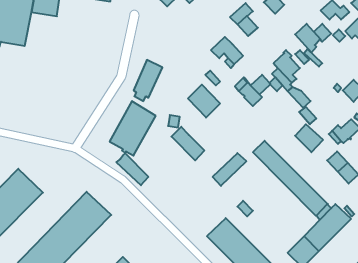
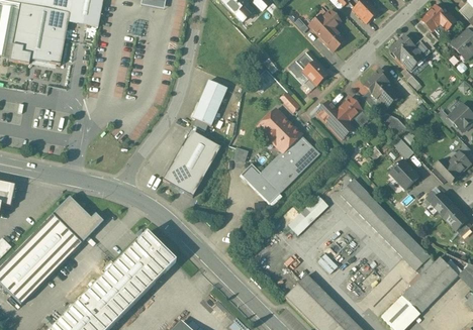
building: none -> [260,133,317,191]
building: [116,153,148,185] -> [134,230,174,269]
building: none -> [51,195,102,242]

